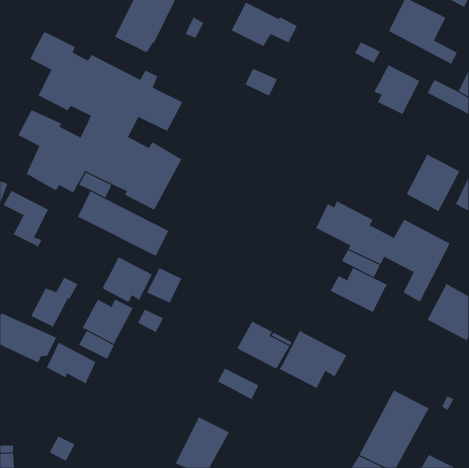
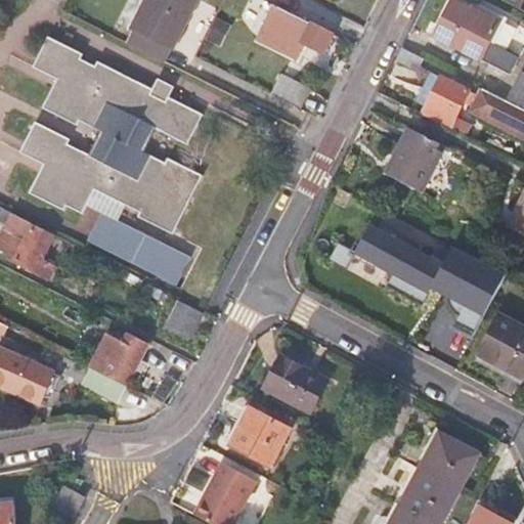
building: [406,154,460,212] -> [382,128,442,192]
building: [102,256,153,303] -> none
building: [330,267,388,313] -> none
building: [30,277,78,328] -> none
building: [279,330,347,389] -> none
building: [46,342,96,384] -> none
building: none -> [229,425,280,466]

